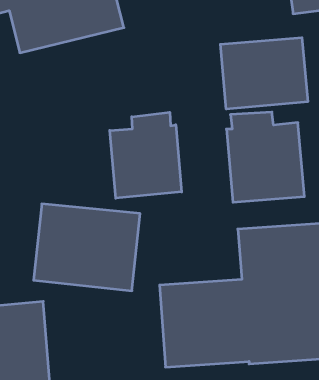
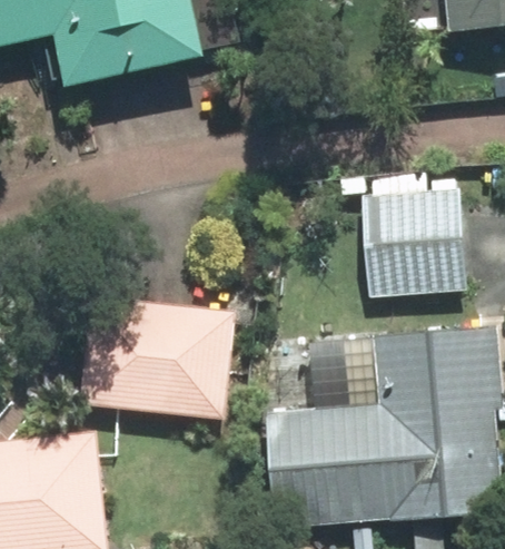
building: [220,38,308,109] -> none
building: [110,112,182,198] -> none

